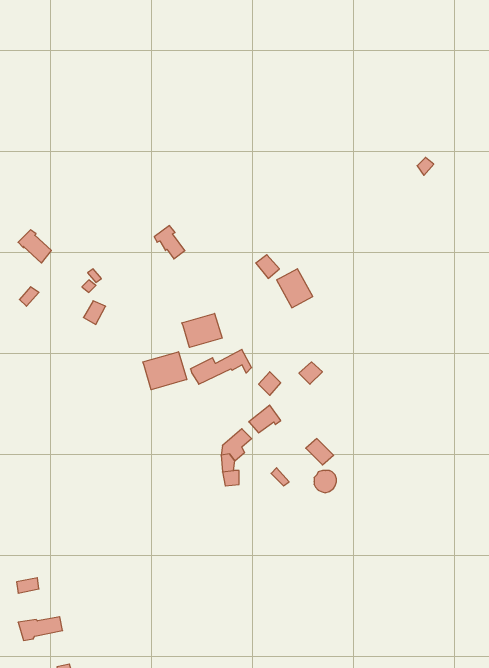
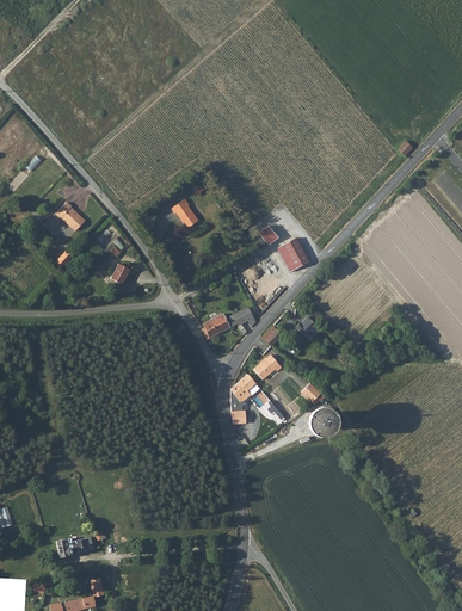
building: [182,313,222,347] -> none
building: [143,352,187,390] -> none

